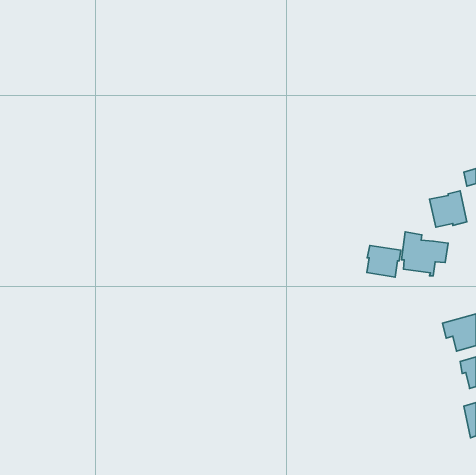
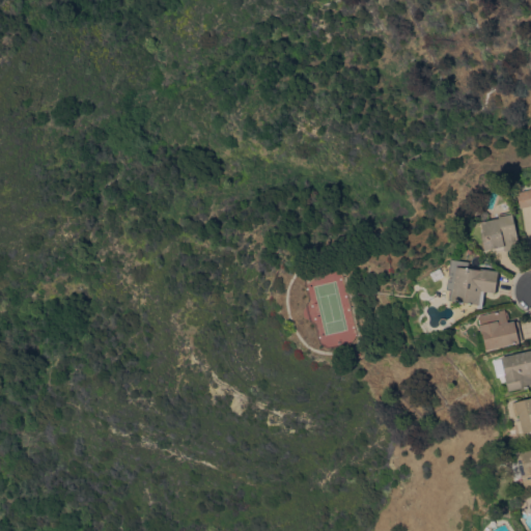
building: [367,245,401,277] -> none
building: none -> [479,310,523,351]

